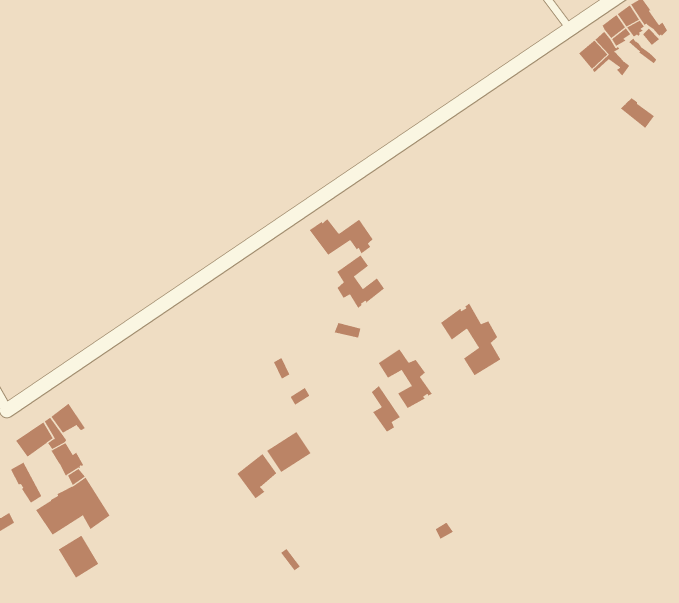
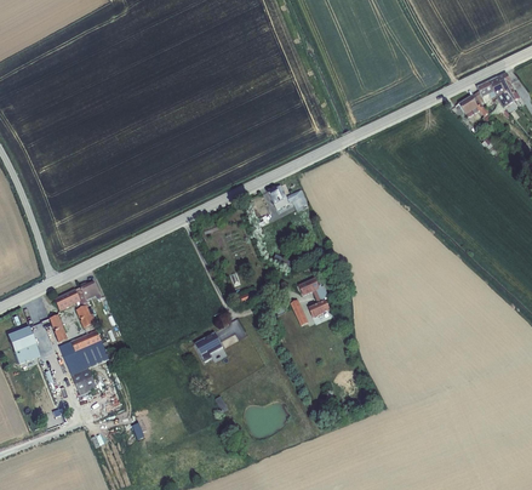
building: [336,255,385,309] -> none
building: [440,303,501,376] -> none

